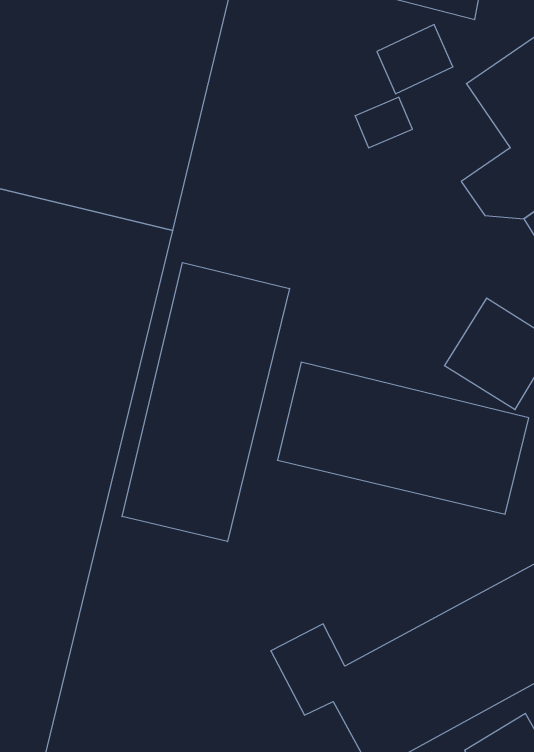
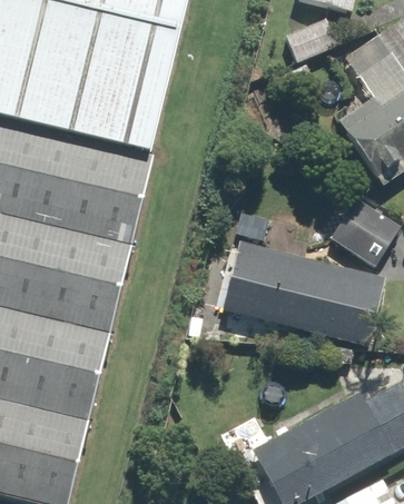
building: [122,263,290,542] -> none

